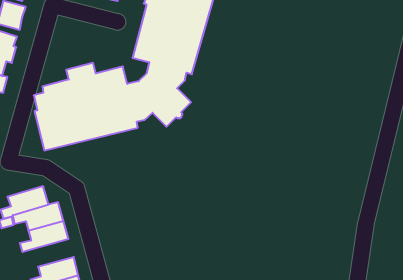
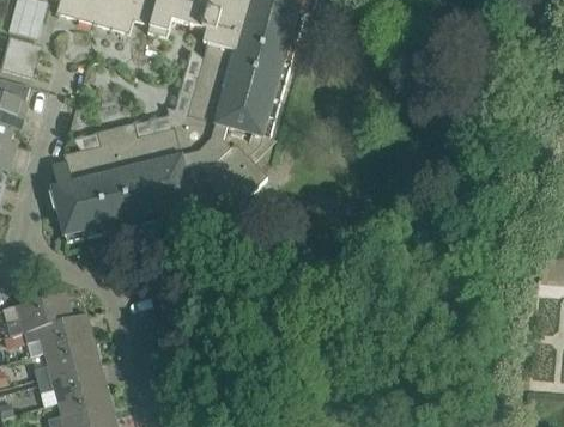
building: none -> [36,361,107,399]

